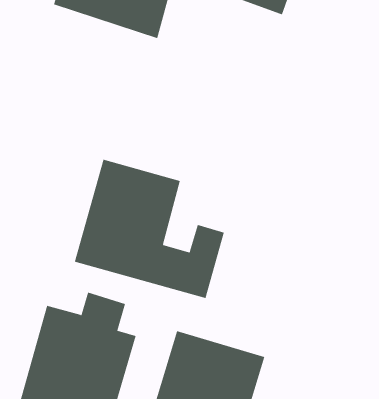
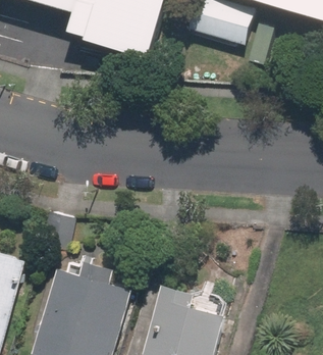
building: [74,159,224,299] -> none

